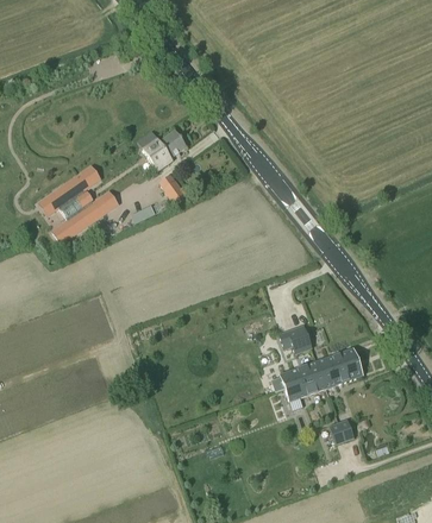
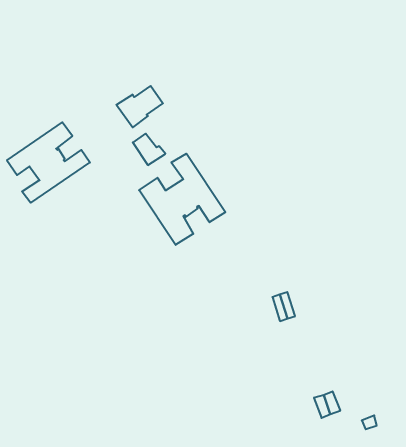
building: none -> [139,154,225,245]
building: [278,348,362,402] -> none

